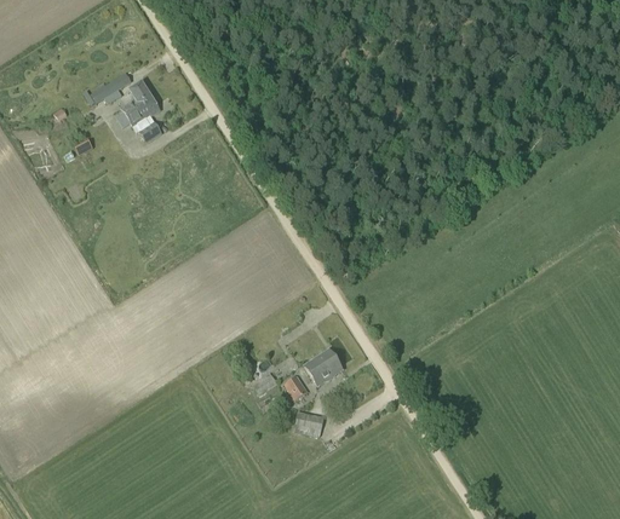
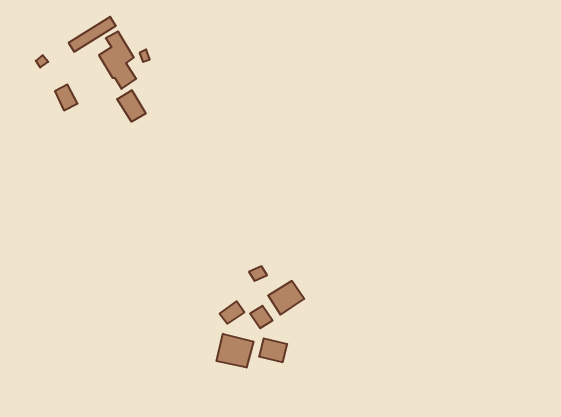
building: none -> [117,90,146,122]
building: none -> [216,334,254,368]

